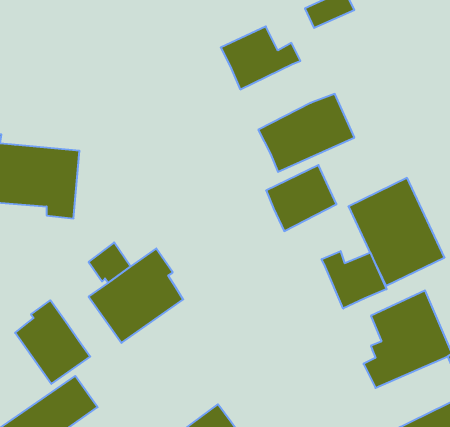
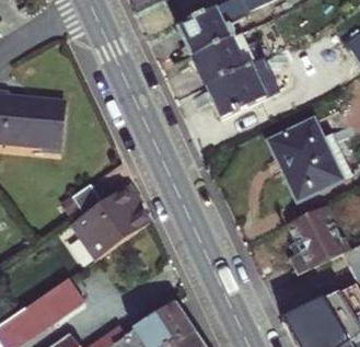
building: [266,165,337,231] -> [187,48,239,96]
building: [322,251,387,309] -> none
building: [15,300,90,384] -> none

